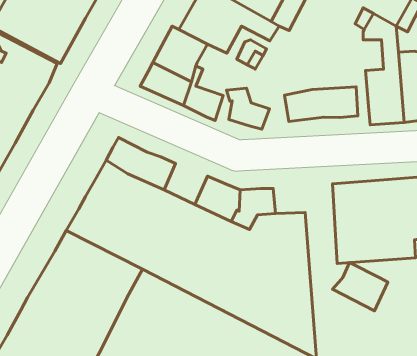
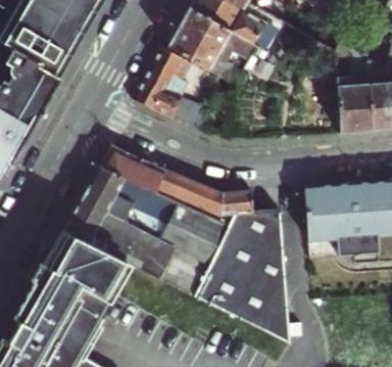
building: [284,87,358,122] -> none
building: [226,88,269,129] -> none
building: none -> [153,169,192,205]
building: [333,263,388,311] -> none

